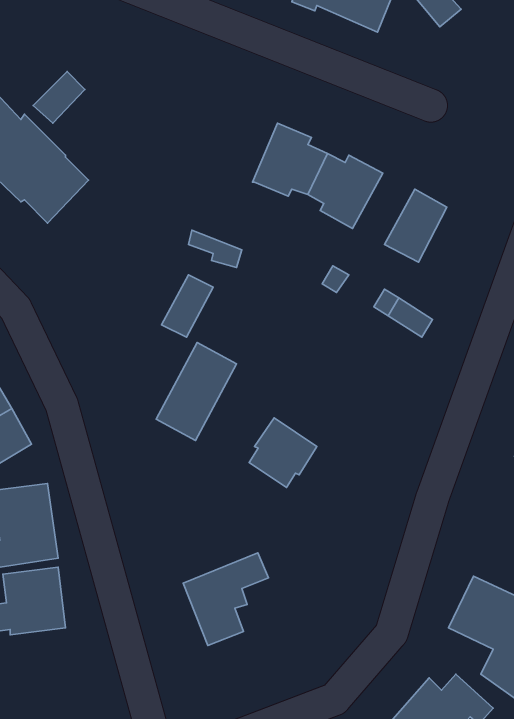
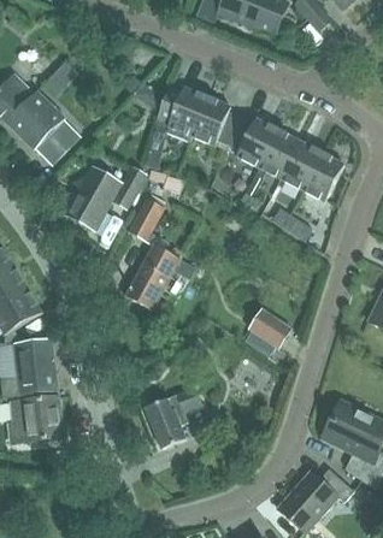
building: none -> [155,87,207,142]
building: none -> [258,130,300,178]
building: none -> [302,153,343,202]
building: none -> [65,167,146,230]
building: [249,418,317,487] -> [244,309,290,356]

